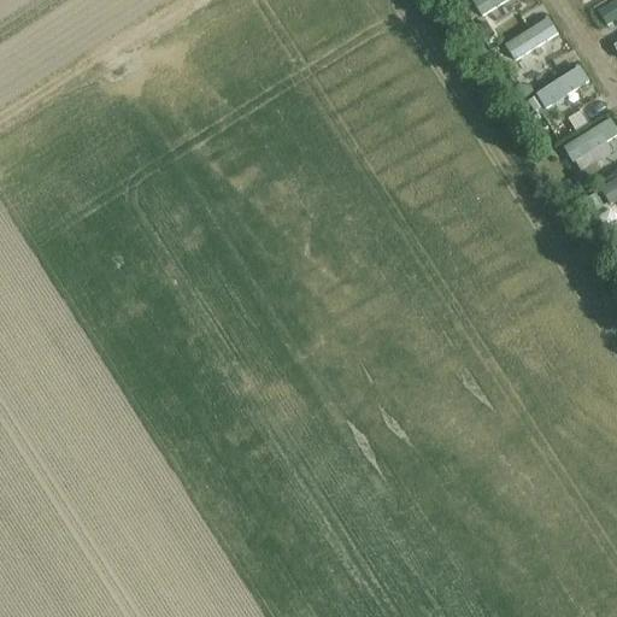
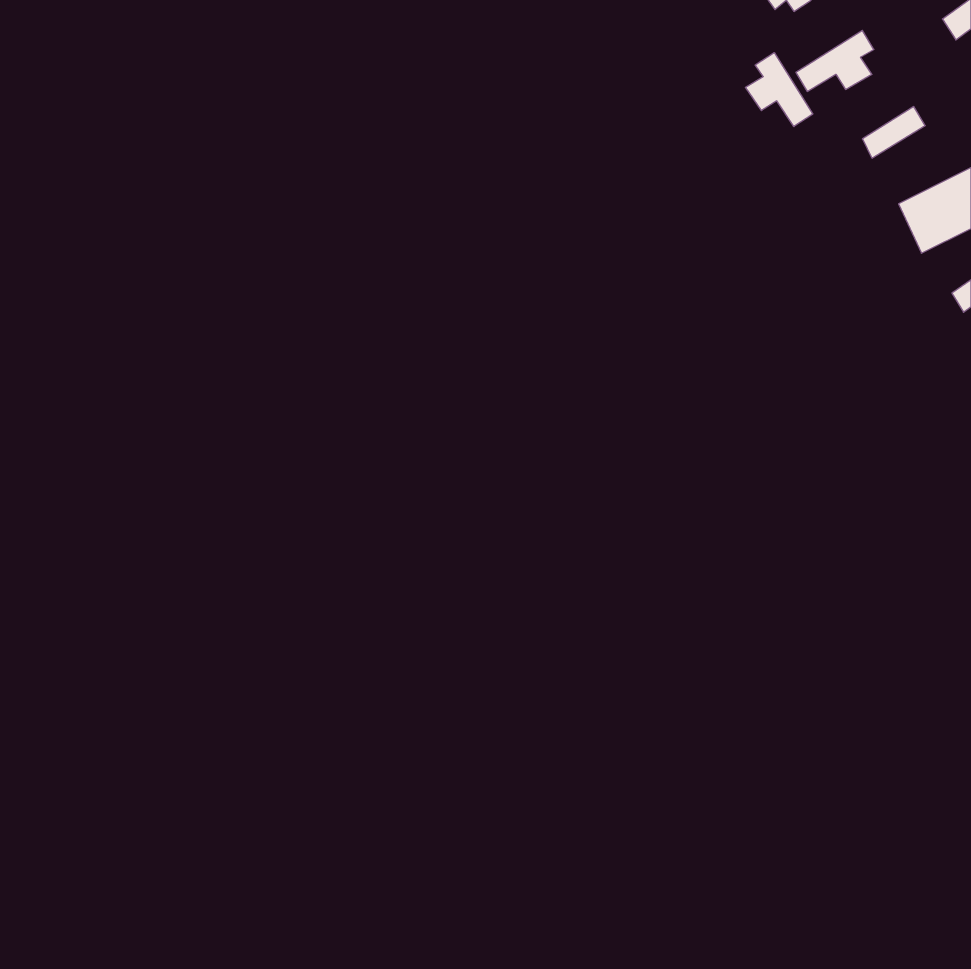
building: none -> [745,53,813,127]

